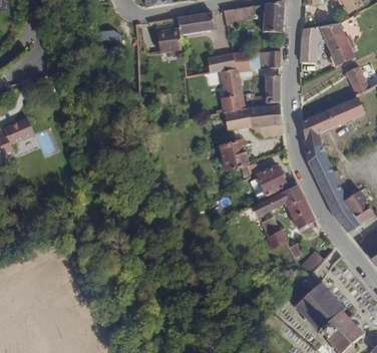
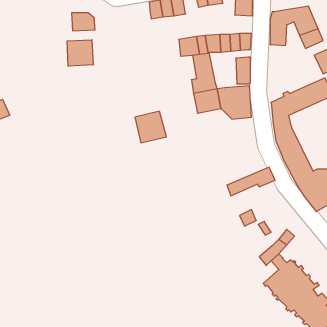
building: [155,29,179,52] -> none
building: none -> [67,40,93,66]
building: [220,139,252,171] -> [135,111,166,143]
building: [258,167,288,198] -> none
building: [289,200,316,230] -> none

